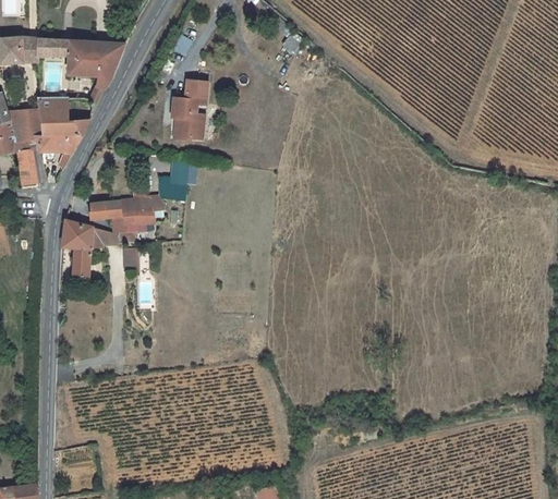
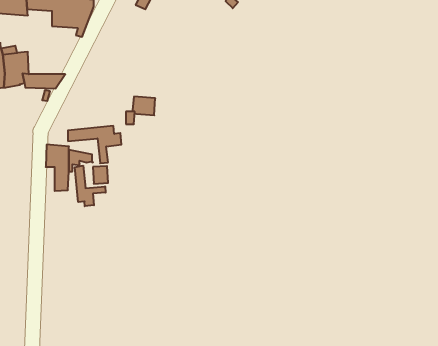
building: [169,81,207,141] -> none
building: [40,98,92,135] -> none
building: [13,148,35,185] -> none
building: none -> [75,166,106,206]

